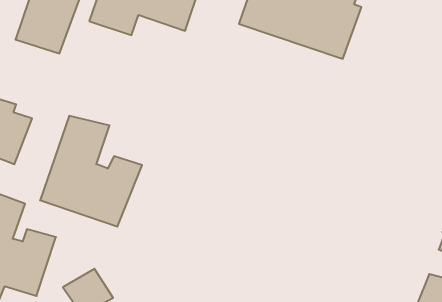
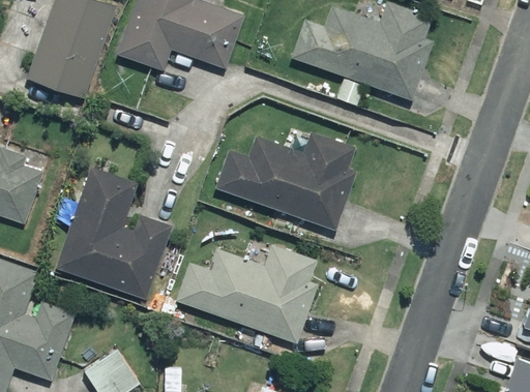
building: none -> [214,130,357,231]
building: none -> [174,244,319,343]

